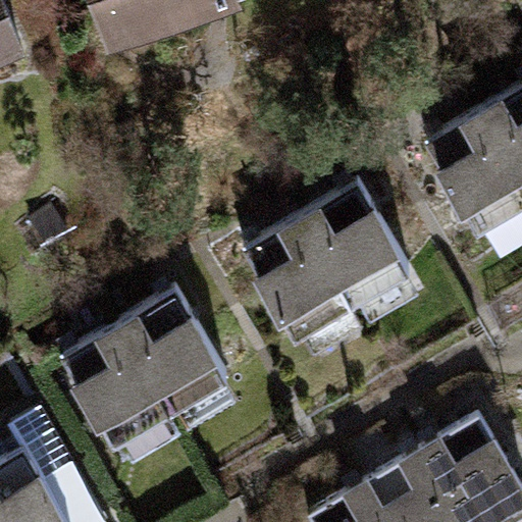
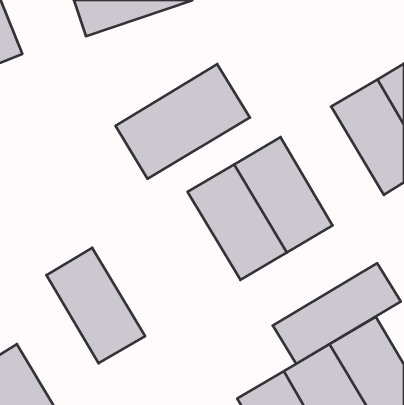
building: none -> [116,64,250,179]
building: [117,286,243,433] -> none
building: none -> [273,263,401,364]

